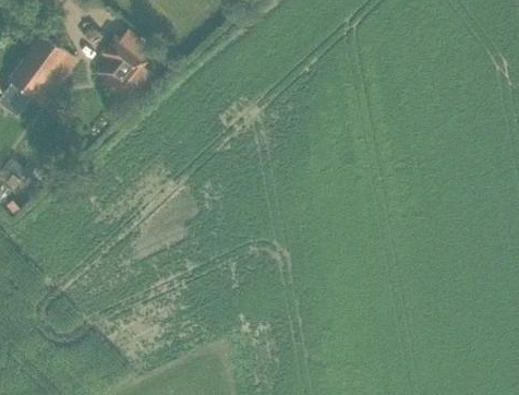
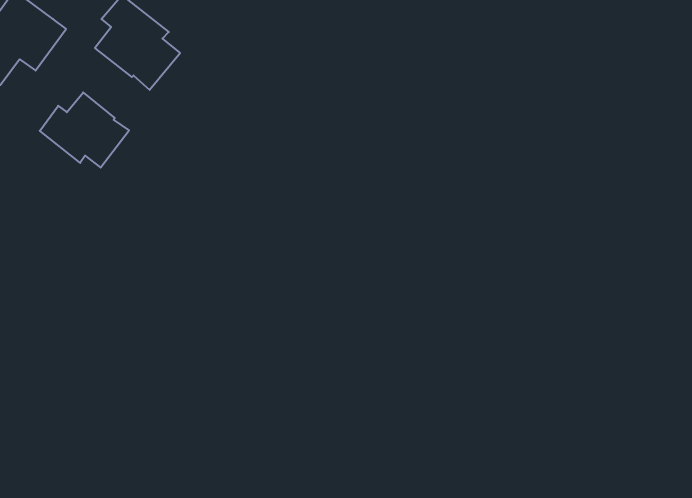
building: none -> [40,92,129,168]

